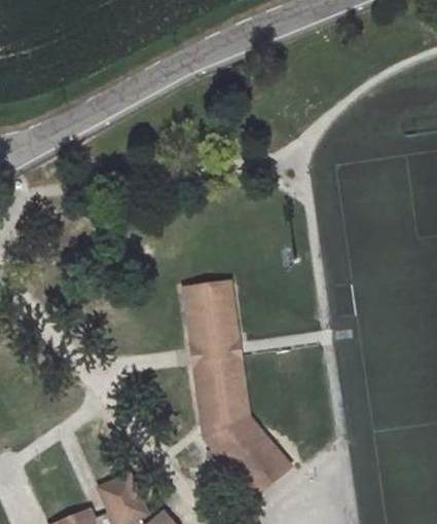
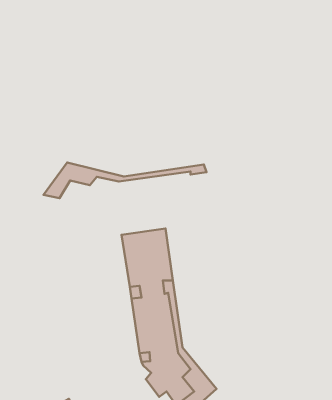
building: none -> [44,162,206,198]

